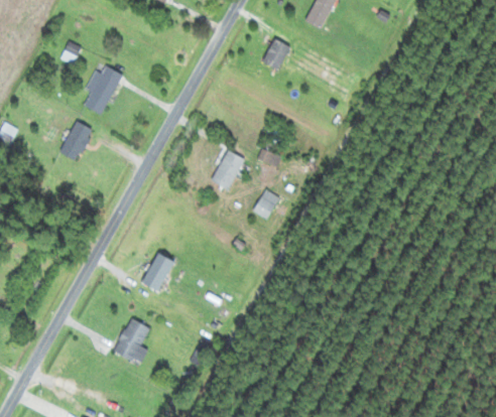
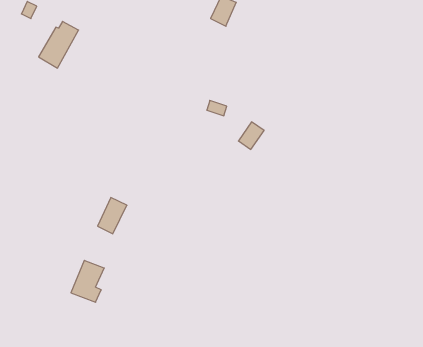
building: [59,121,94,161] -> none
building: [213,149,244,188] -> none
building: [253,189,280,219] -> [238,122,264,149]

